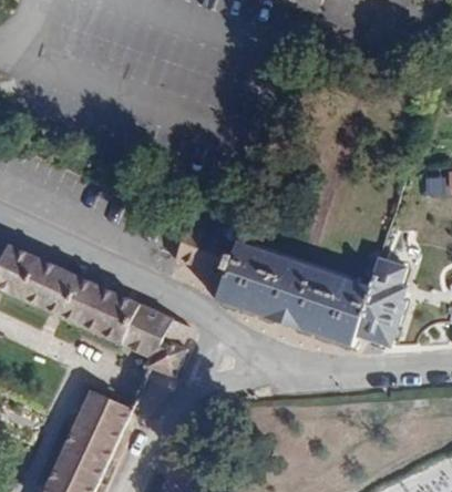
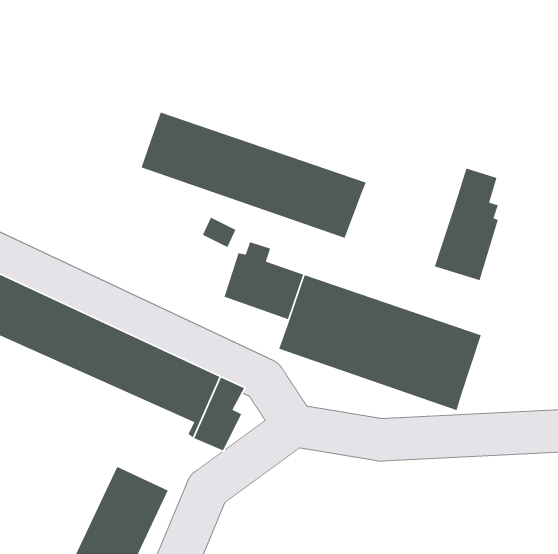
building: none -> [141,111,367,239]
building: [357,257,407,345] -> [434,168,499,281]

